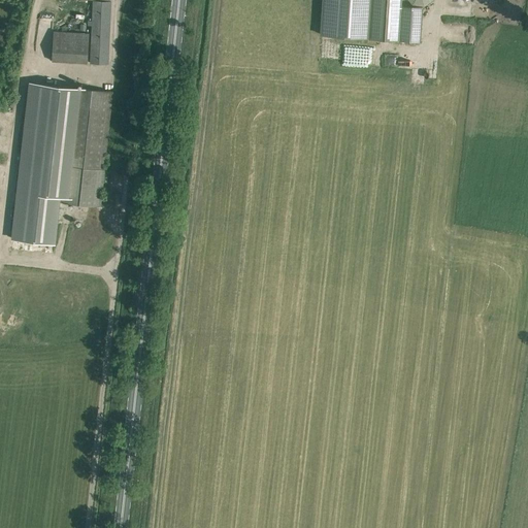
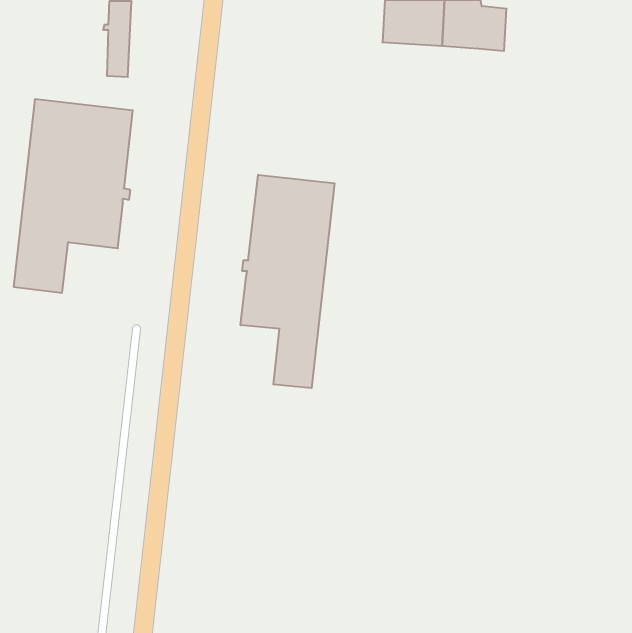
building: [51,32,87,63] -> none
building: none -> [241,175,335,388]

